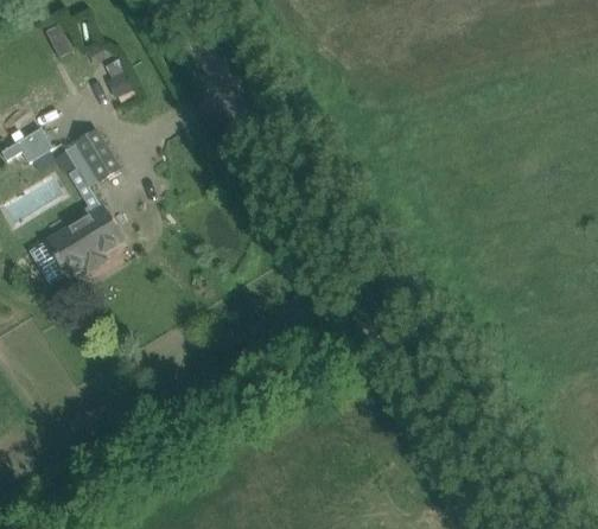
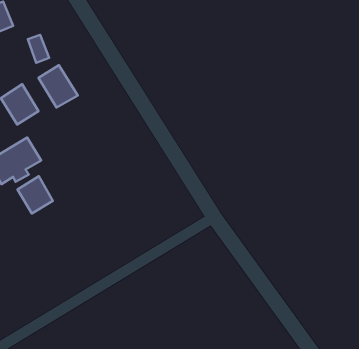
building: none -> [38,65,78,108]
building: none -> [17,176,53,213]

